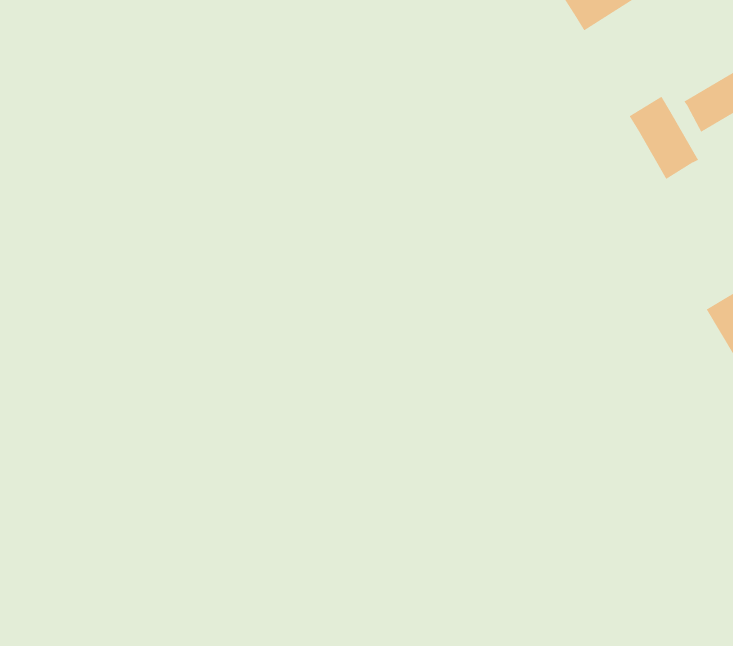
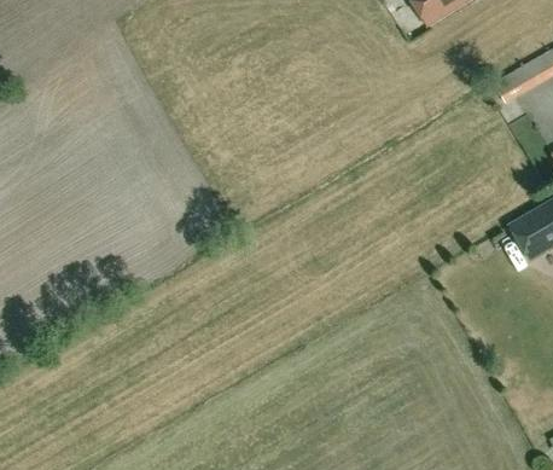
building: [629,96,699,180] -> none

